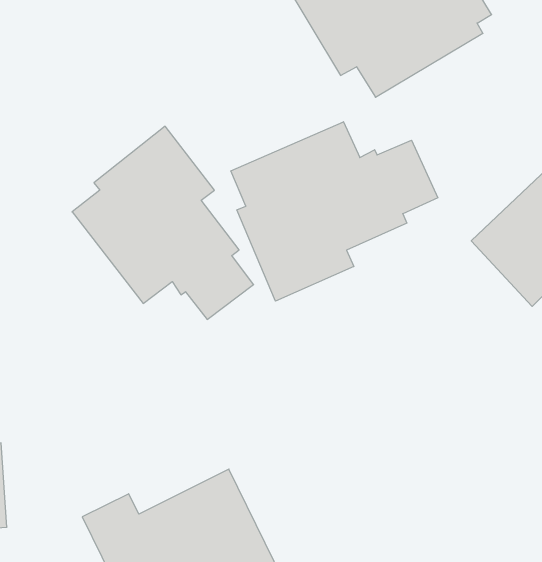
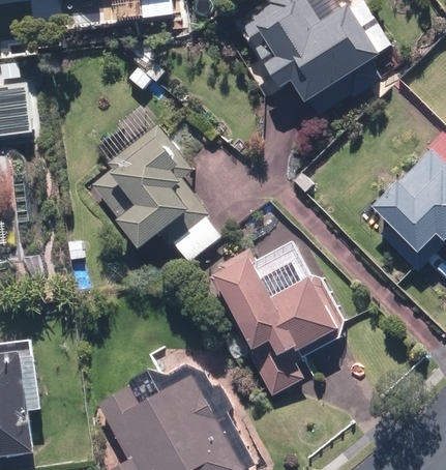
building: [231,122,438,301] -> none
building: none -> [211,239,347,399]

